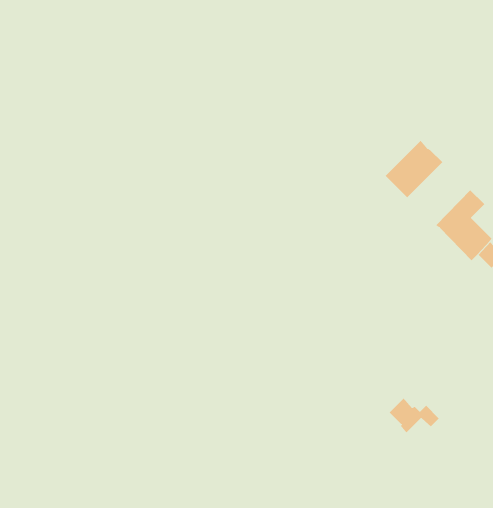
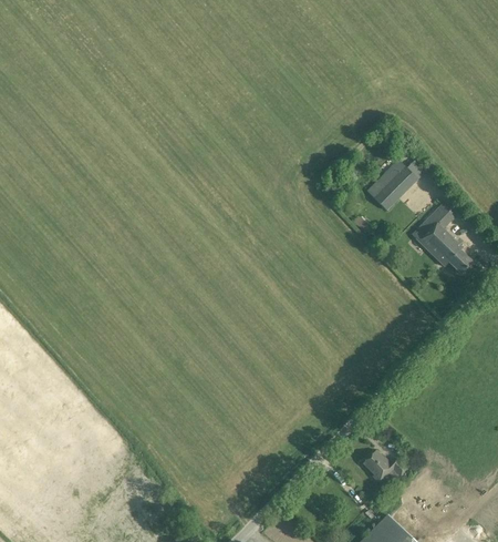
building: [389,398,440,433] -> [363,450,408,482]

